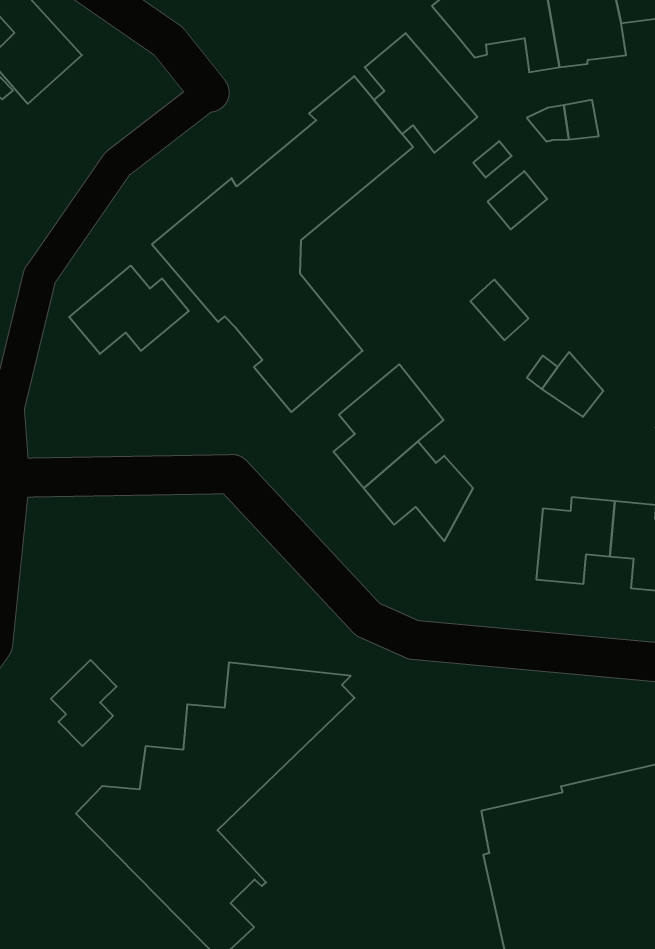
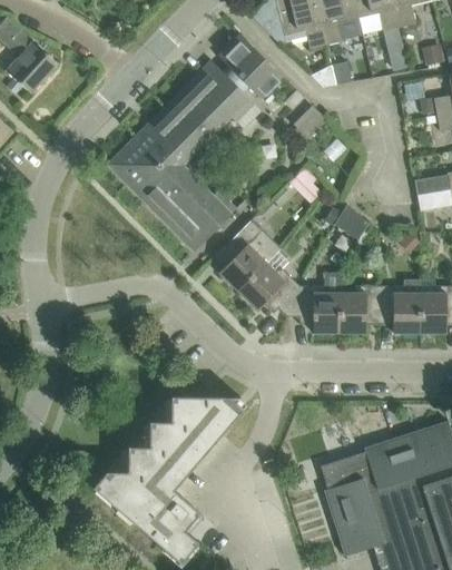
building: [69,266,189,354] -> none
building: none -> [286,285,340,333]
building: [51,660,117,746] -> none

